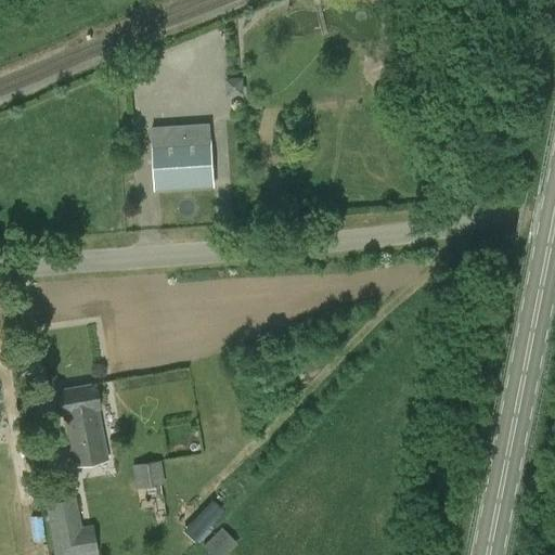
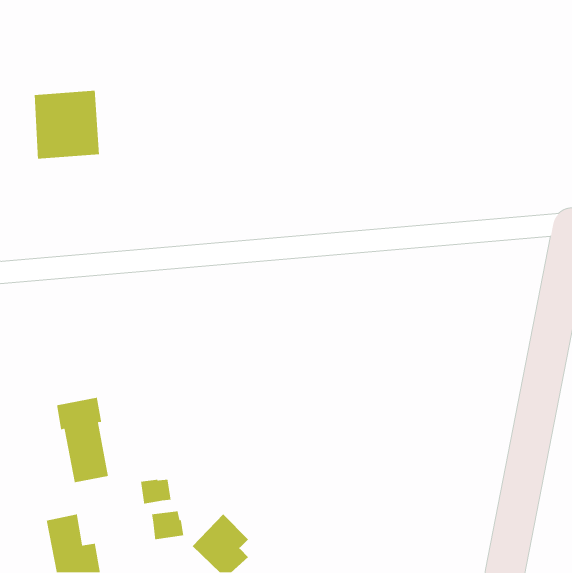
building: [151,124,215,191] -> [34,90,100,159]
building: none -> [151,510,184,540]

